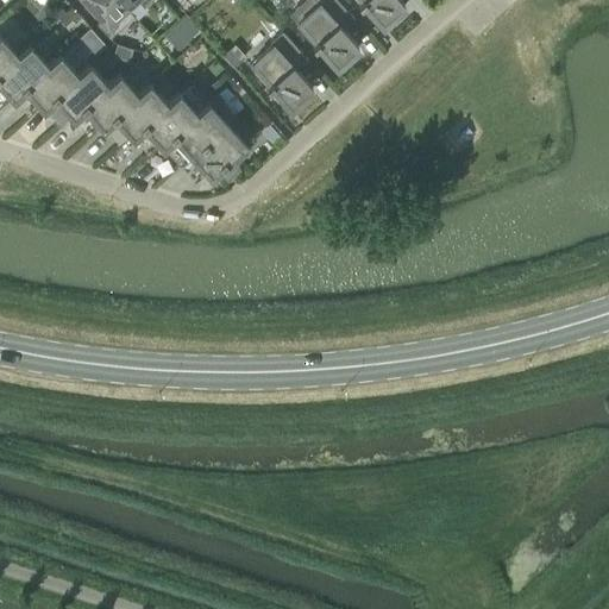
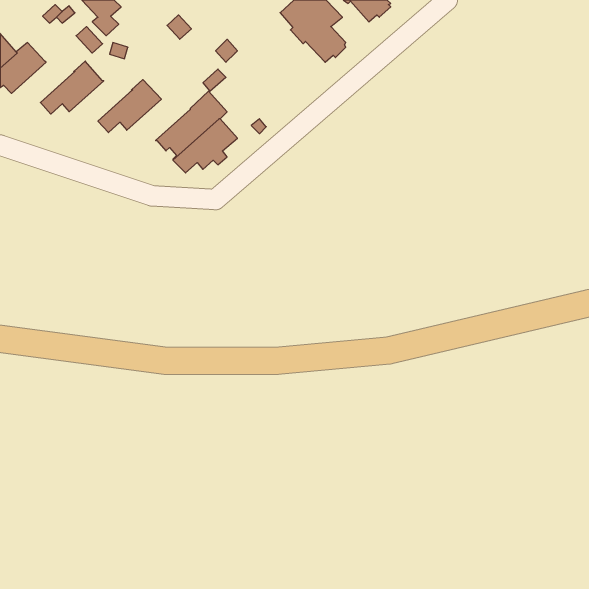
building: [250,30,312,106] -> none
building: [12,54,77,108] -> none
building: [71,73,137,127] -> none
building: [131,92,196,146] -> none

